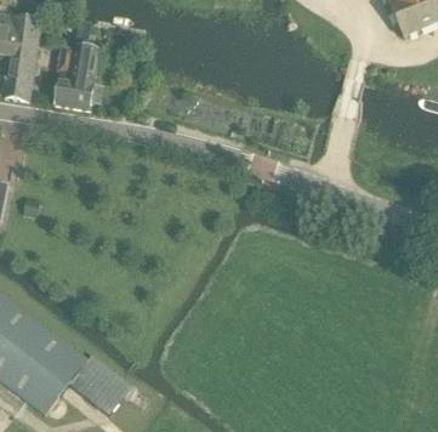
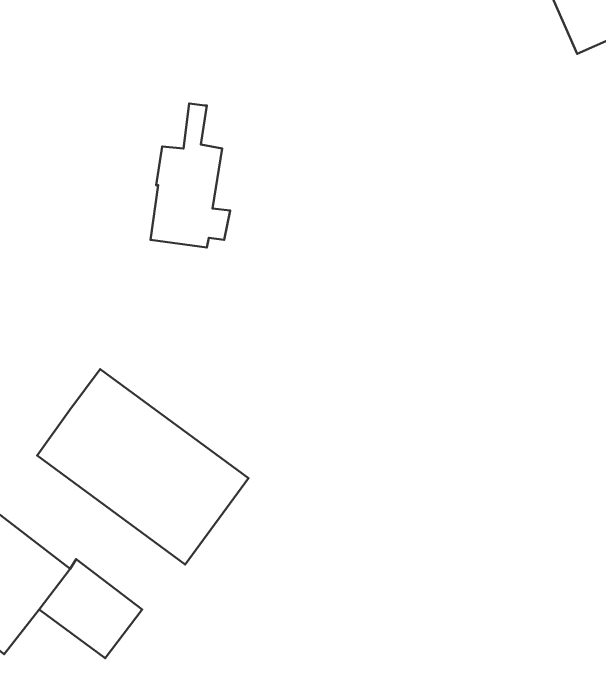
building: [53,18,103,108] -> [150,104,230,247]
building: none -> [37,369,248,564]

